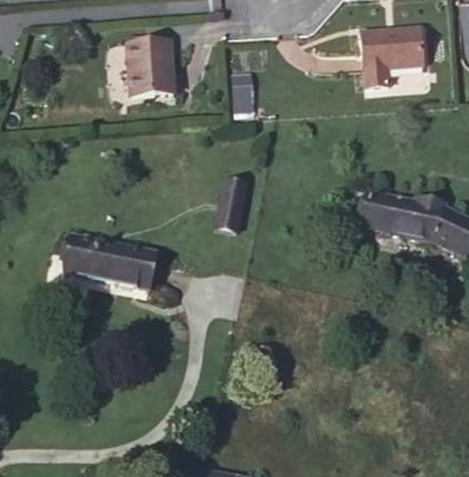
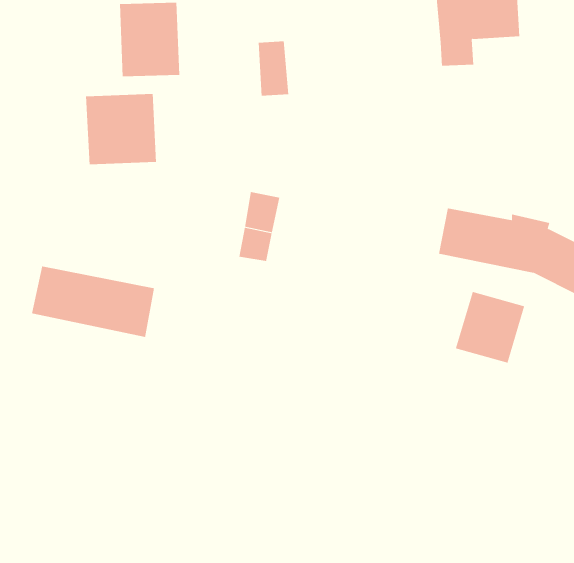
building: none -> [86,93,157,165]
building: none -> [455,291,525,364]

